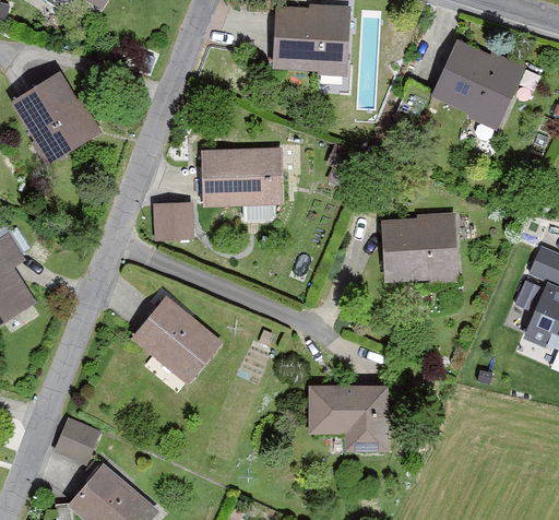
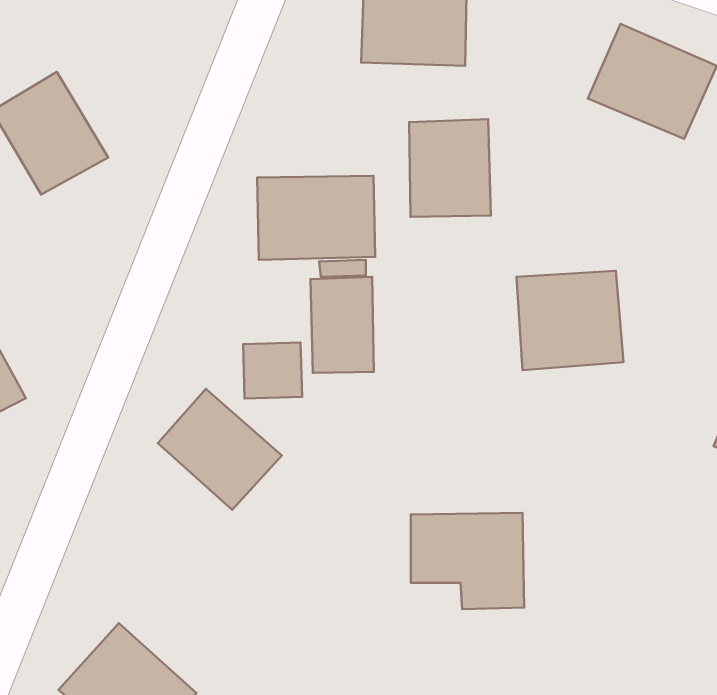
building: none -> [409,119,491,217]
building: [153,201,194,240] -> [243,343,302,398]
building: none -> [310,277,374,373]
building: [53,416,102,464] -> none

